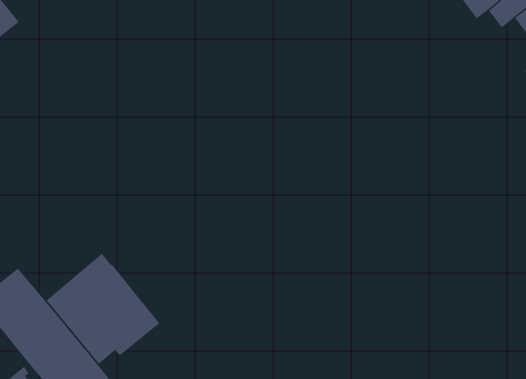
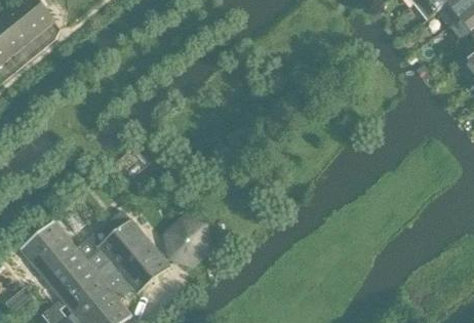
building: none -> [166,219,212,267]

